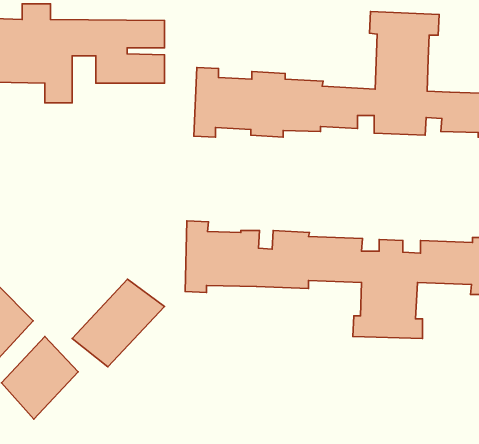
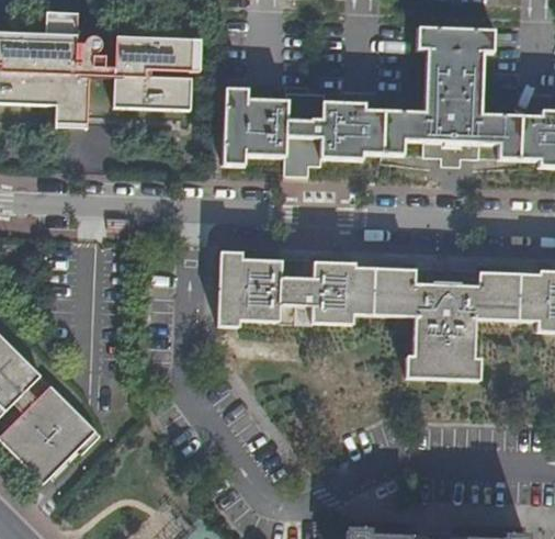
building: [72,279,164,367] -> none

